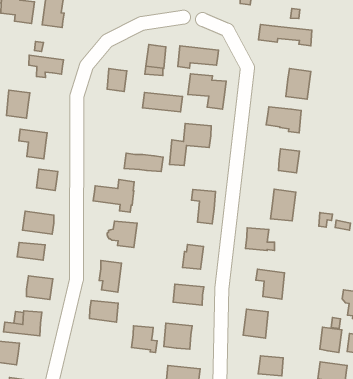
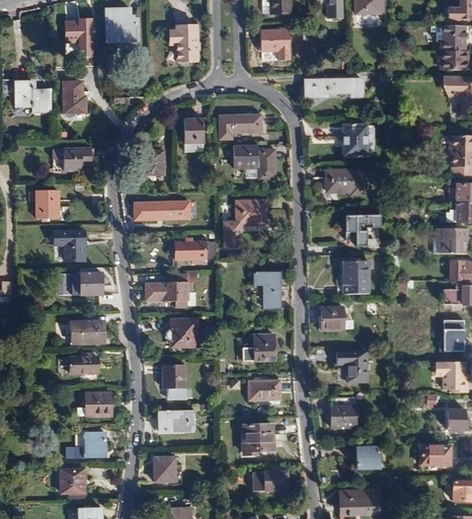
building: [143,92,183,112] -> [134,202,176,220]
building: [131,326,157,352] -> [153,456,181,484]
building: [320,327,342,352] -> none

